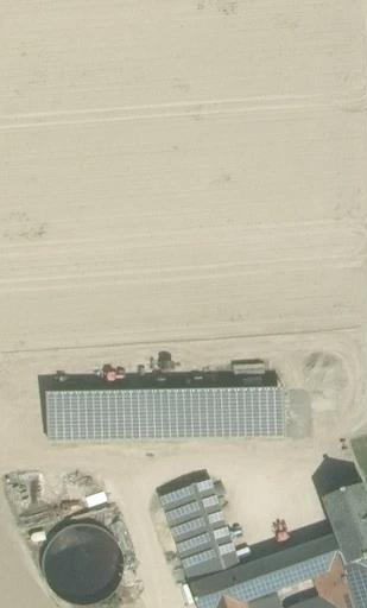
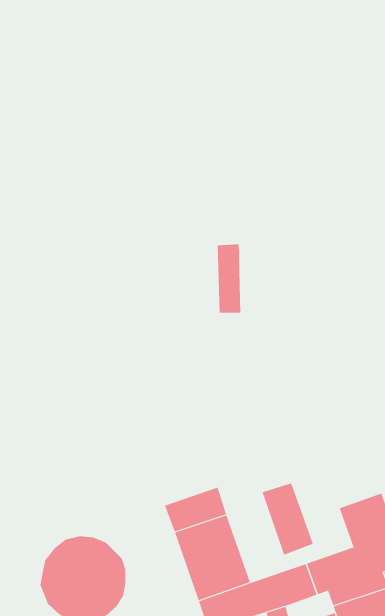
building: none -> [217,243,241,314]
building: [46,388,283,441] -> none
building: none -> [262,482,314,556]

